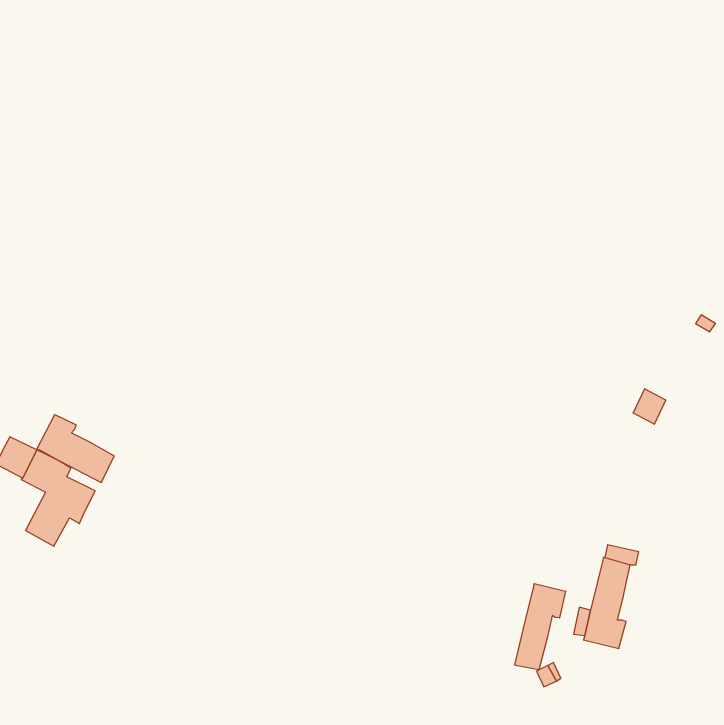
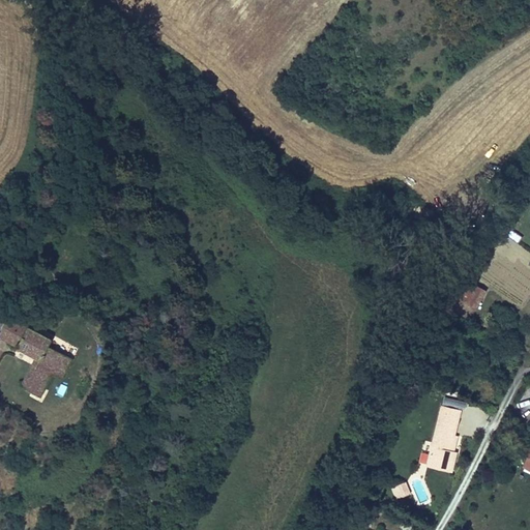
building: [37,415,114,482] -> none
building: [515,584,565,670] -> none

